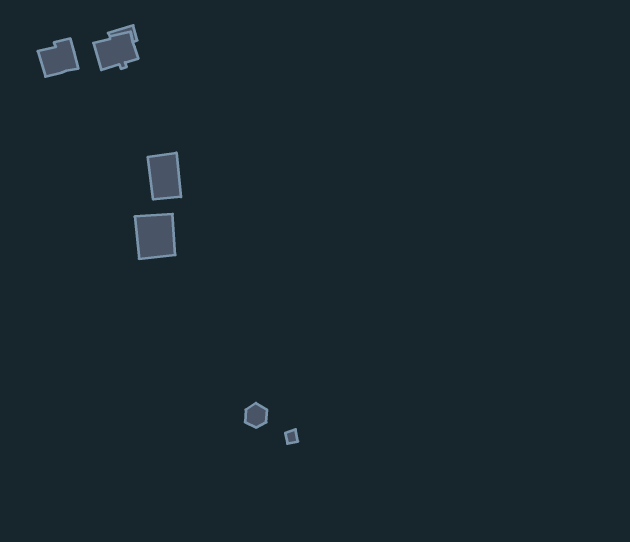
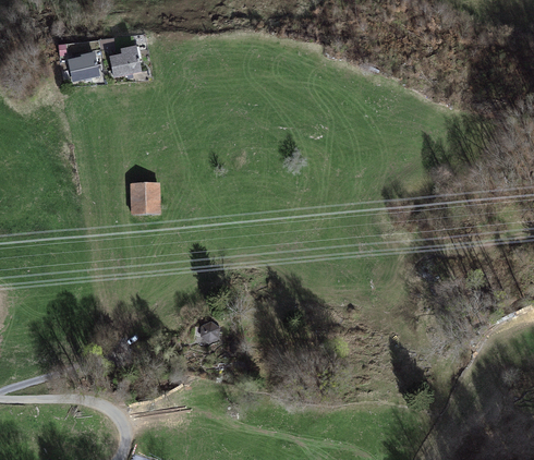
building: [148,153,181,199] -> none

